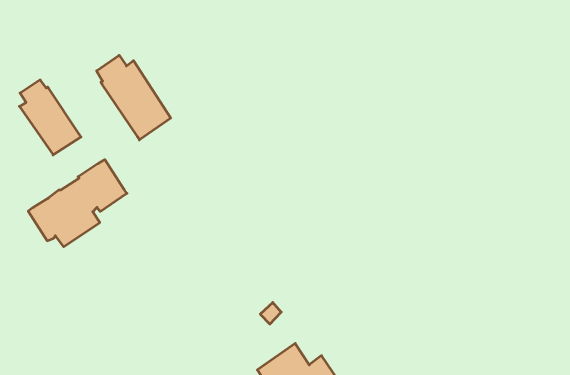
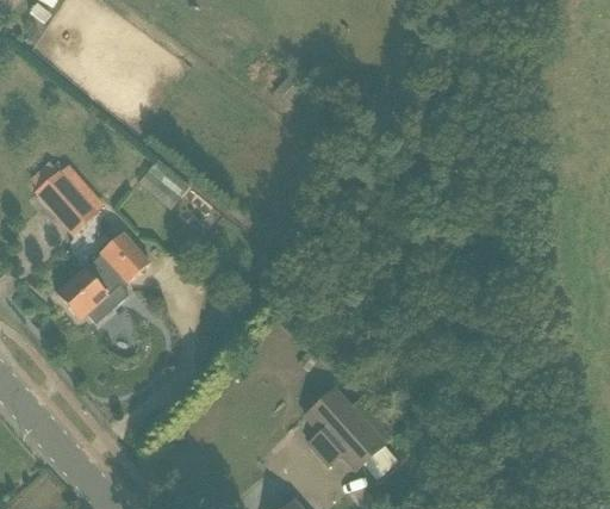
building: [97,55,171,140] -> none

